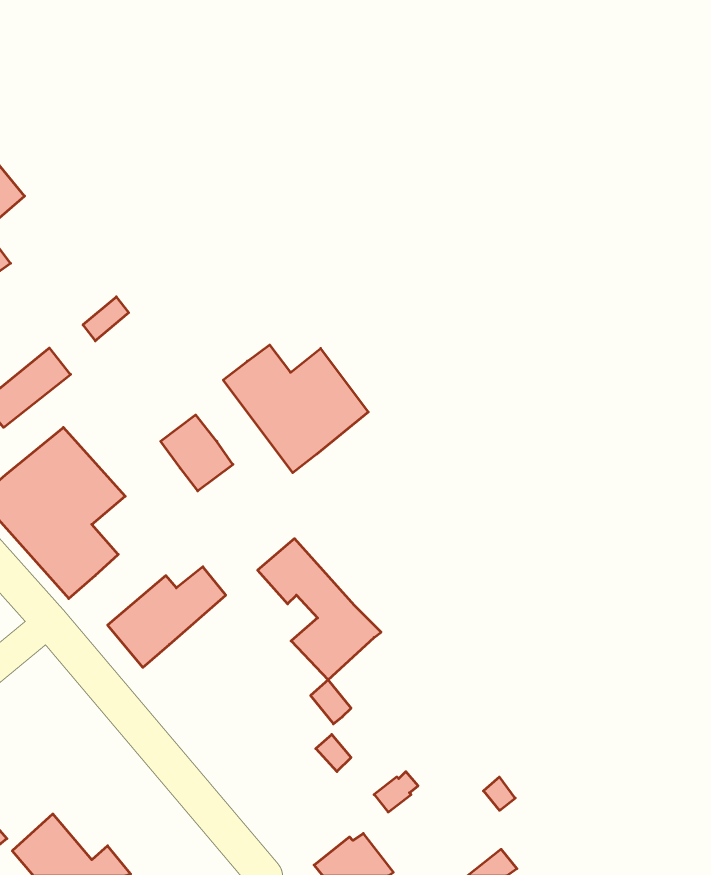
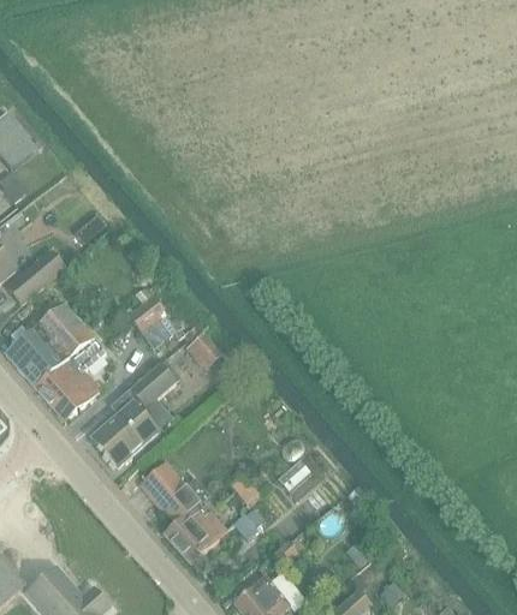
building: [223,345,368,473] -> none
building: none -> [127,363,174,407]
building: [258,539,381,680] -> [139,462,224,559]

